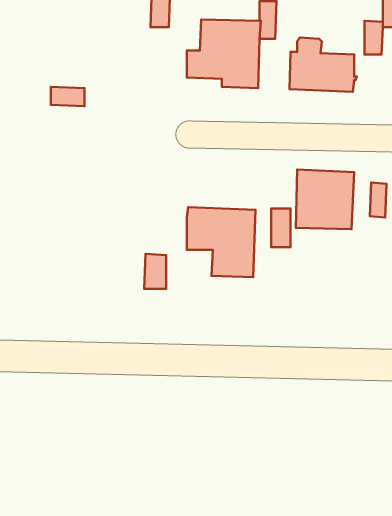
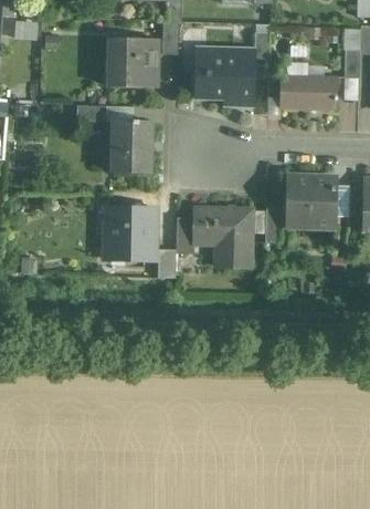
building: none -> [112,37,157,86]
building: none -> [114,118,151,172]
building: none -> [107,205,154,260]
building: none -> [176,216,193,252]

